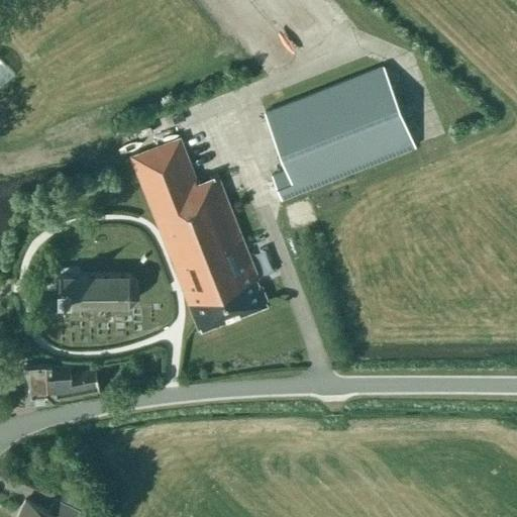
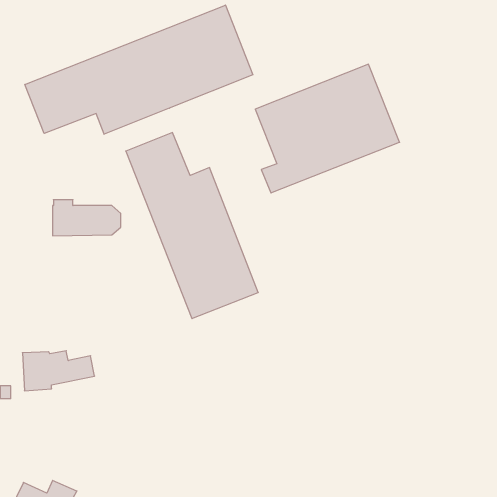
building: none -> [25,5,253,134]
building: [60,269,130,306] -> [53,200,121,236]

